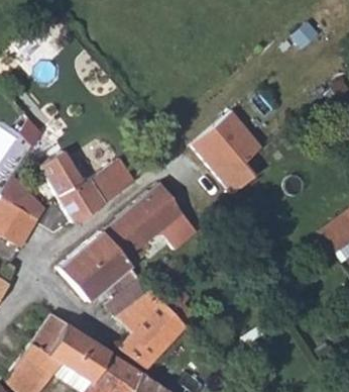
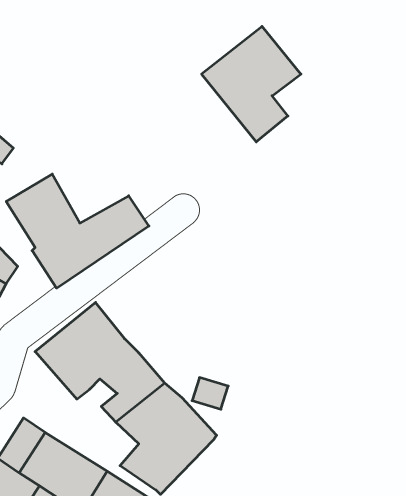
building: [192,114,261,195] -> [202,26,301,142]
building: [101,184,196,270] -> none

